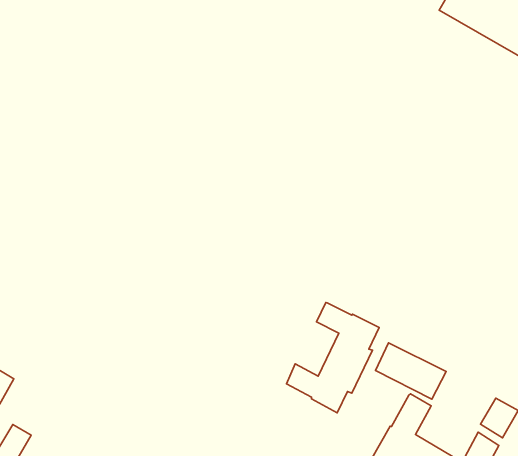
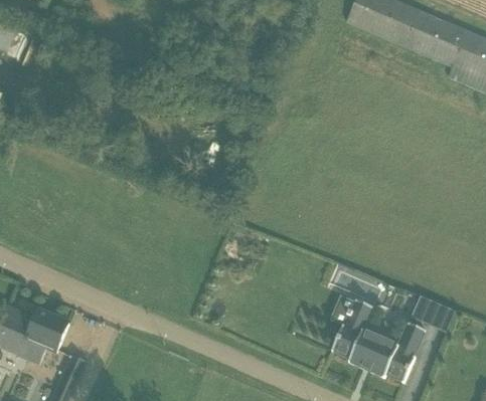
building: [287,303,379,413] -> none

